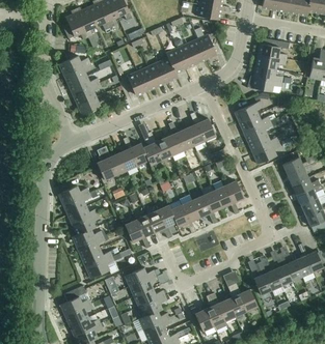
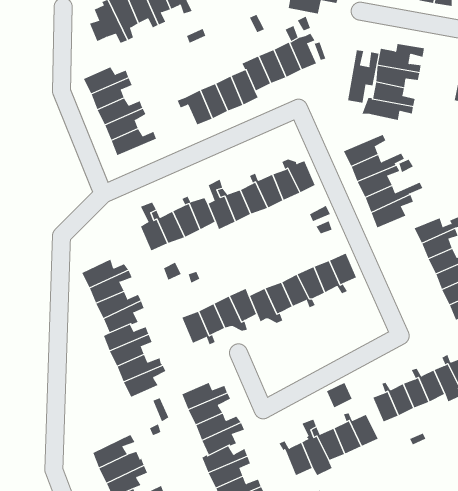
building: none -> [347,49,379,104]
building: [59,286,90,316] -> none

